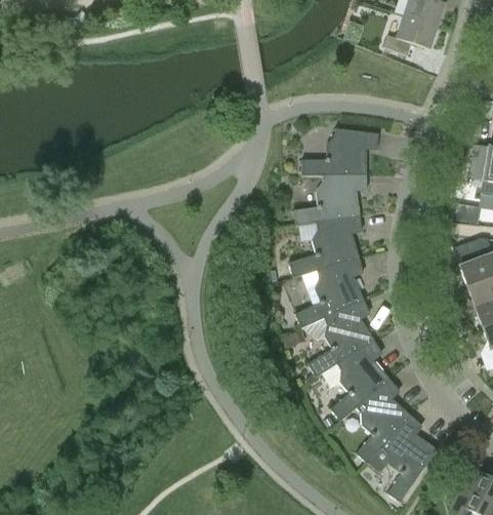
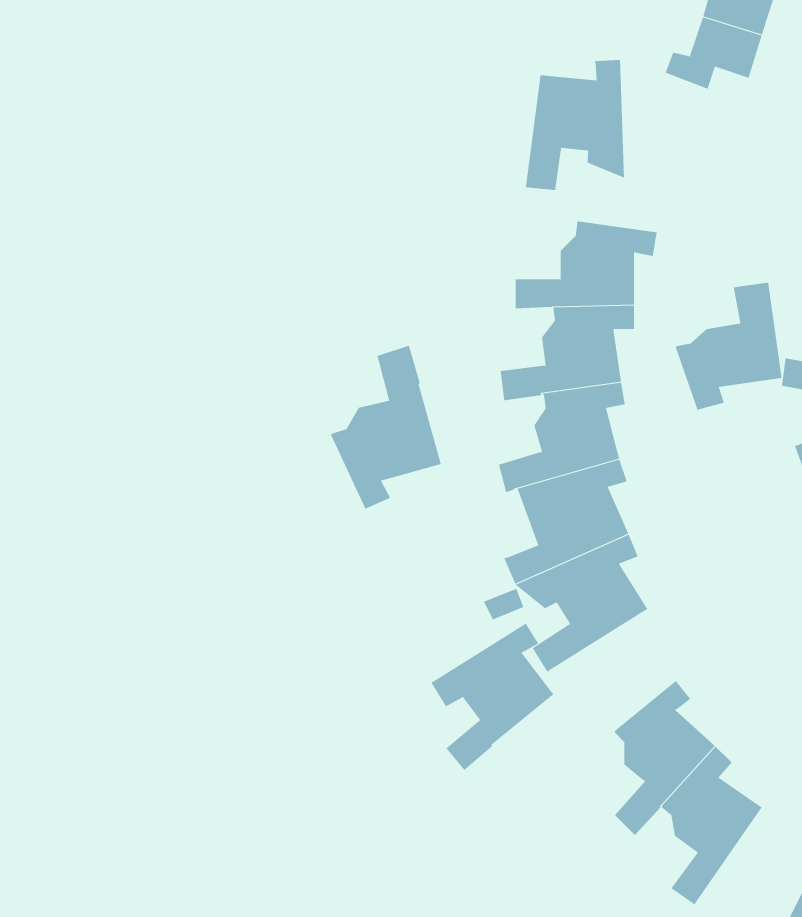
building: none -> [525,59,624,191]
building: none -> [675,282,782,411]
building: none -> [330,345,441,509]
building: [322,340,389,421] -> [431,623,554,771]

